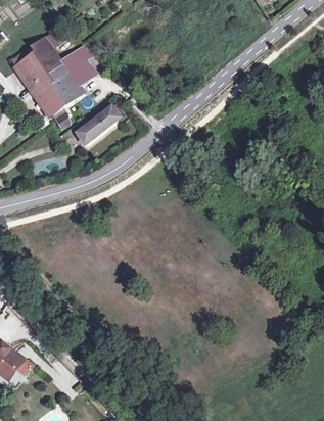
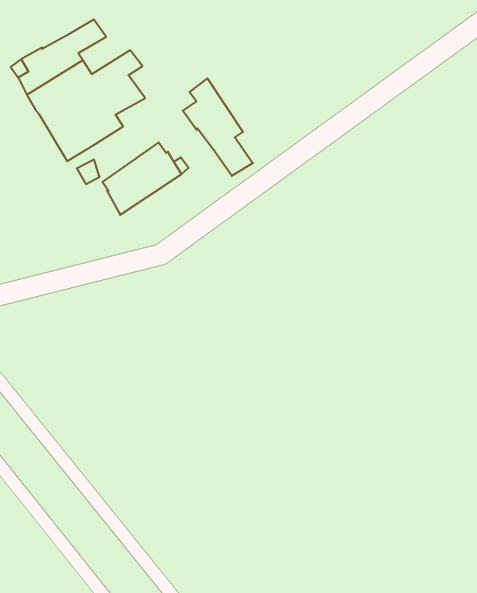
building: none -> [183,78,253,176]

